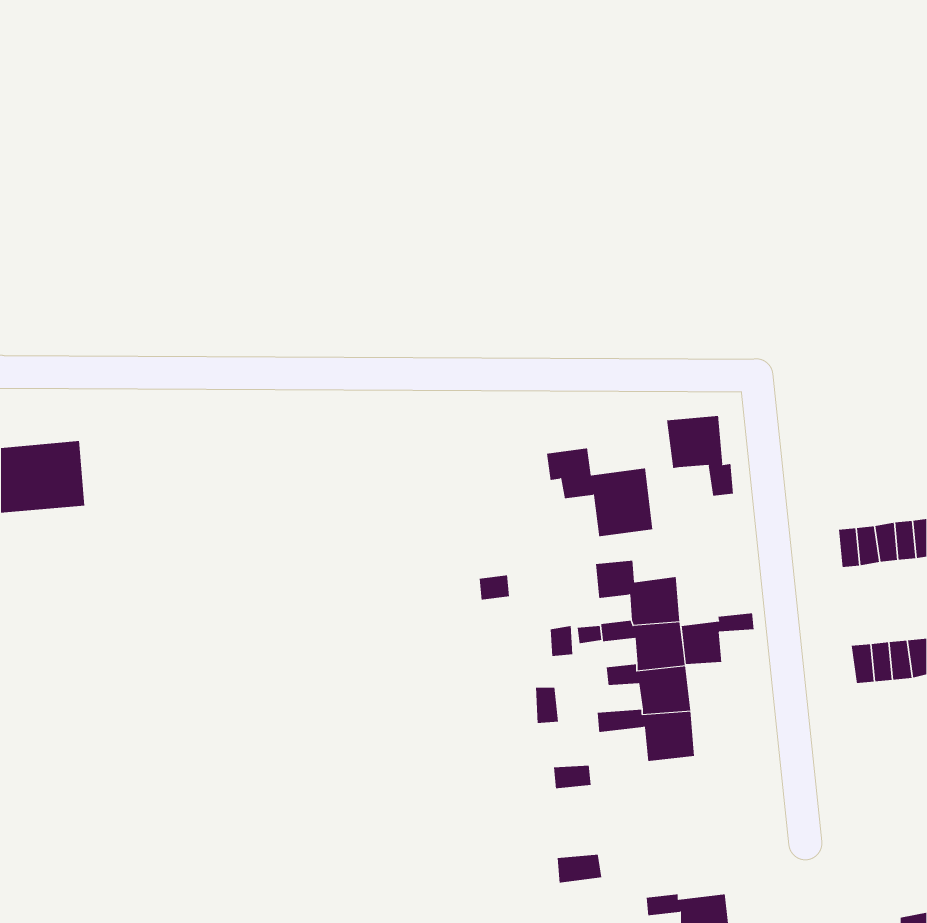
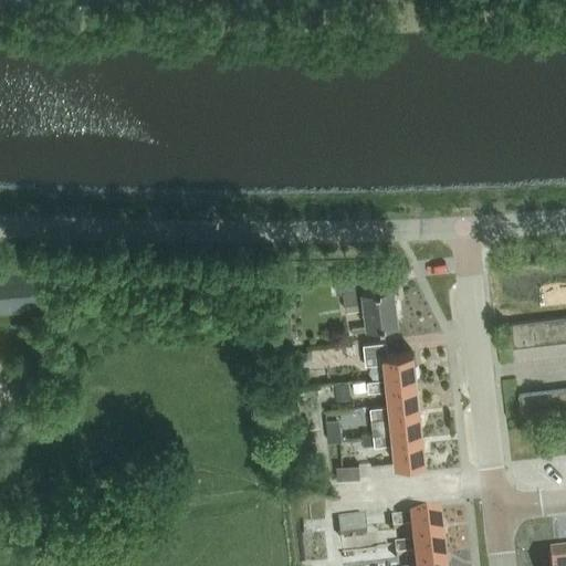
building: [666,415,733,496] -> none
building: [681,612,754,665] -> none
building: none -> [390,520,442,551]

